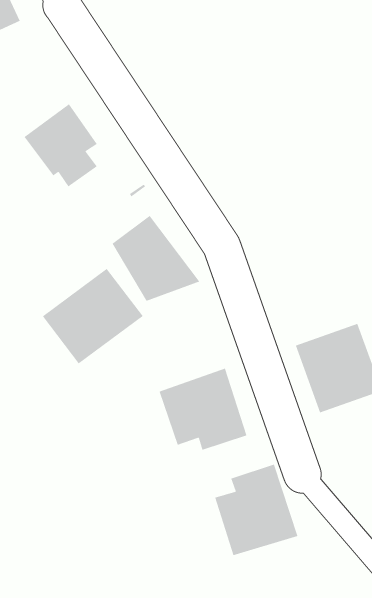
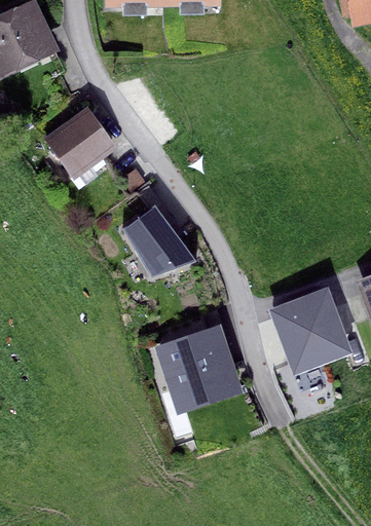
building: [42,268,144,365] -> none
building: [214,463,298,556] -> none

